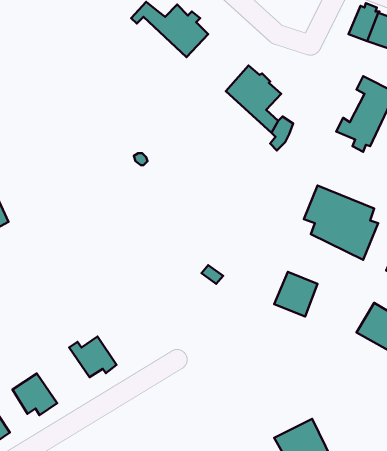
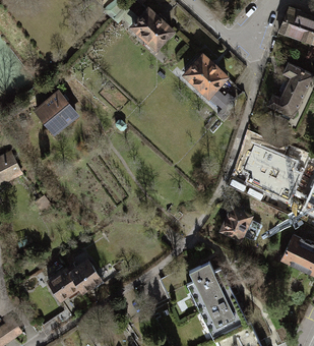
building: none -> [37,92,75,131]
building: none -> [189,261,247,336]
building: [13,373,57,415] -> [48,267,81,298]

